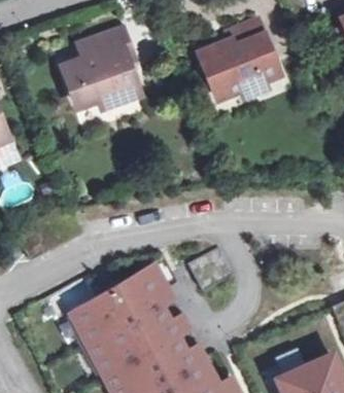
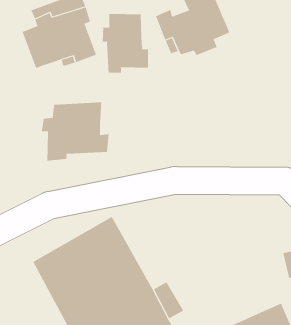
building: none -> [102,13,149,74]
building: none -> [41,101,109,161]

